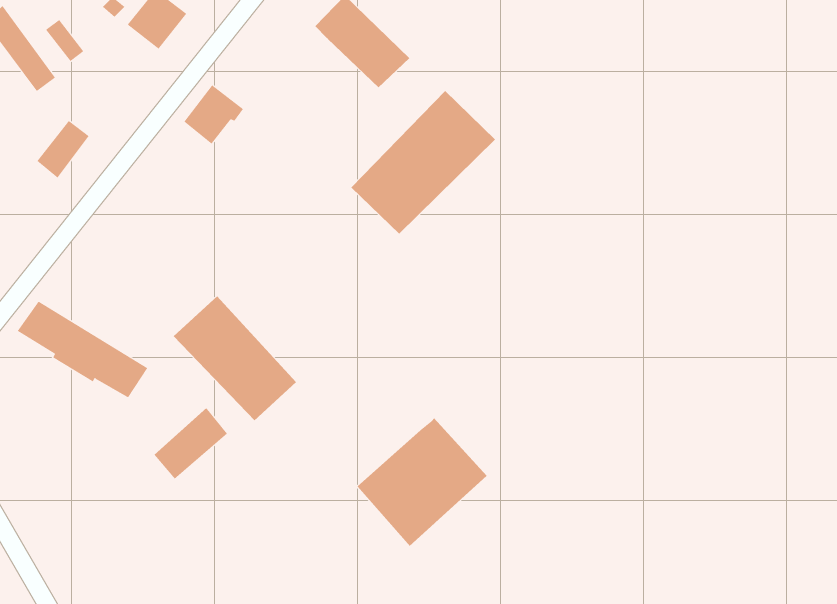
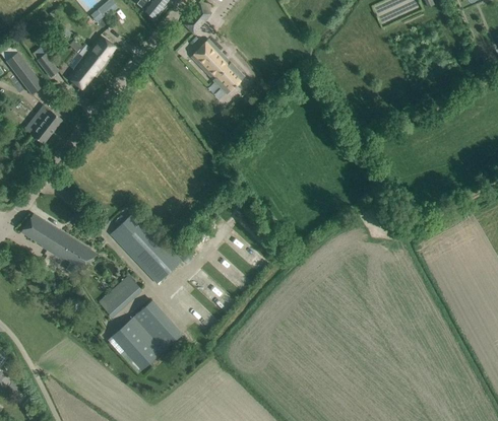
building: [183,84,244,145] -> [67,56,102,90]
building: [350,90,496,235] -> none
building: [356,418,487,547] -> [108,299,183,373]

